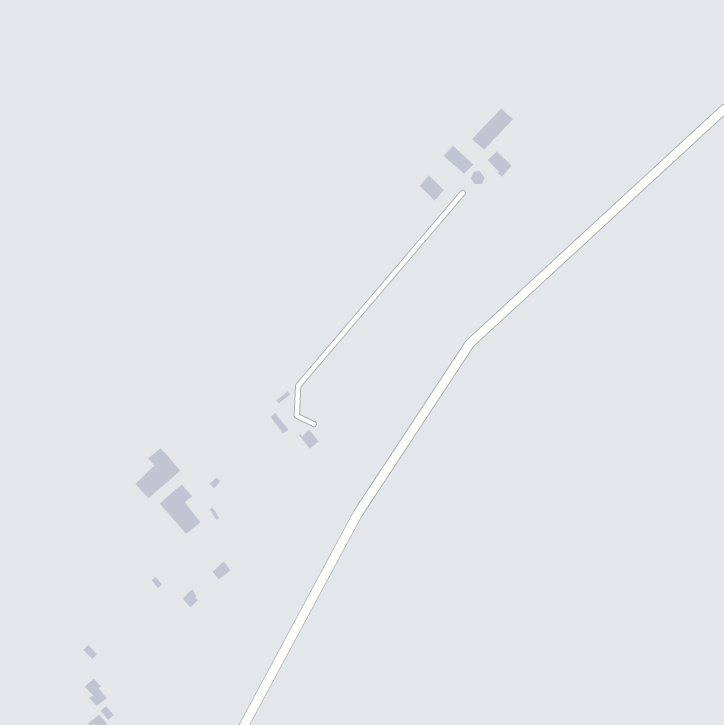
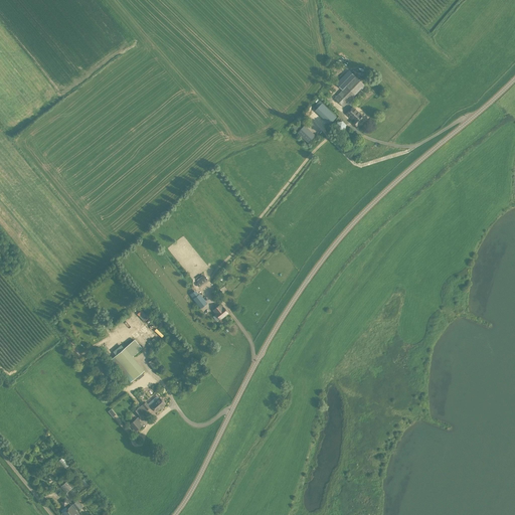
building: [134,447,181,499] -> none

